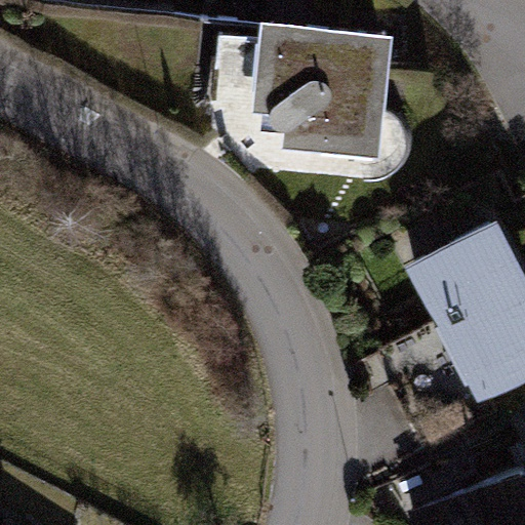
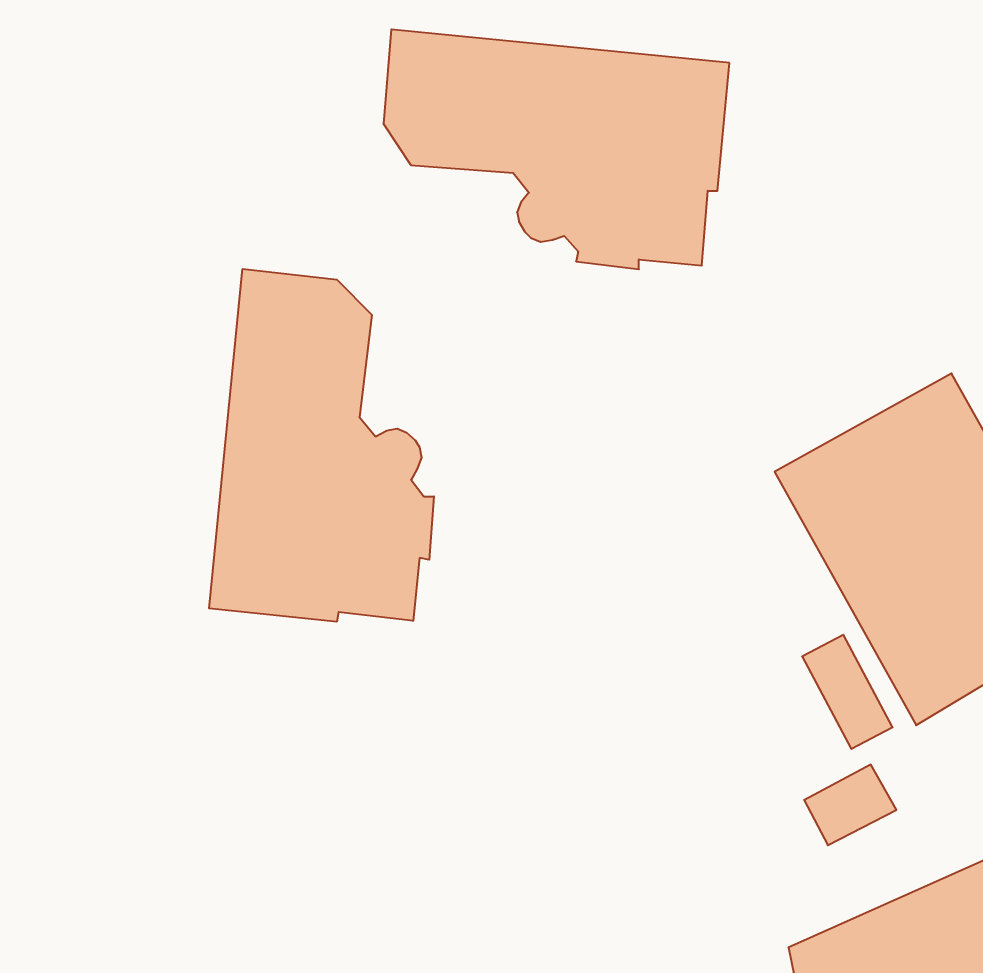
building: none -> [209,269,434,622]

